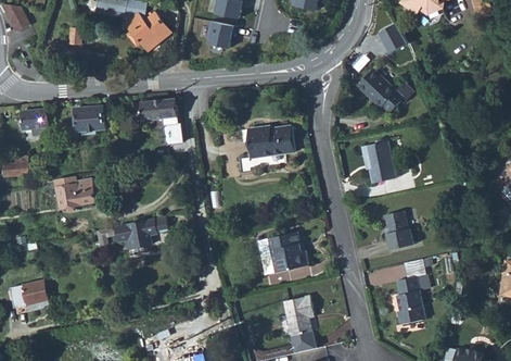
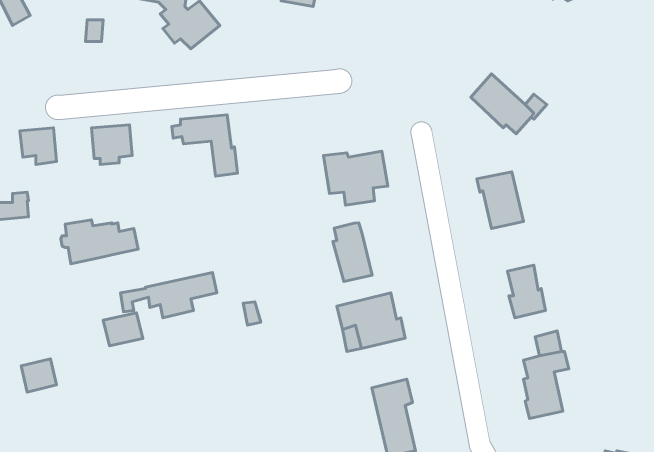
building: [207,21,233,47] -> none
building: [379,23,407,52] -> none
building: none -> [333,223,372,282]
building: none -> [103,313,143,346]

